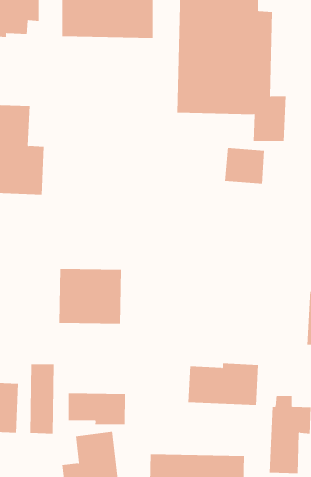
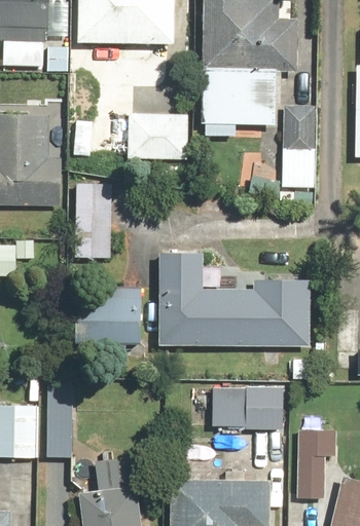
building: none -> [128,114,188,161]
building: none -> [74,186,113,260]
building: none -> [157,251,313,348]
building: [68,393,125,425] -> none

